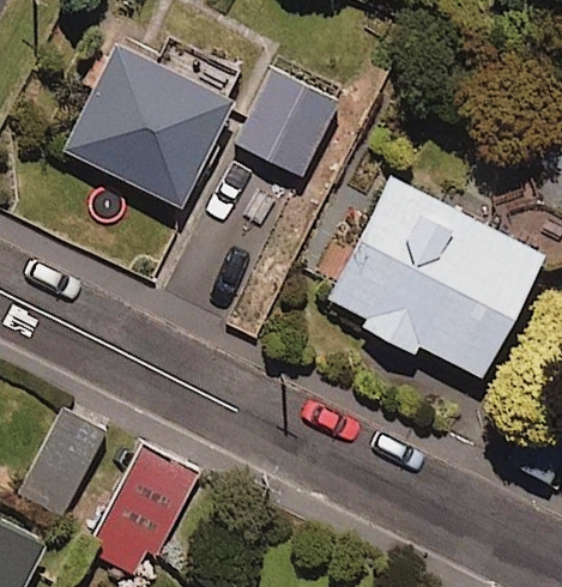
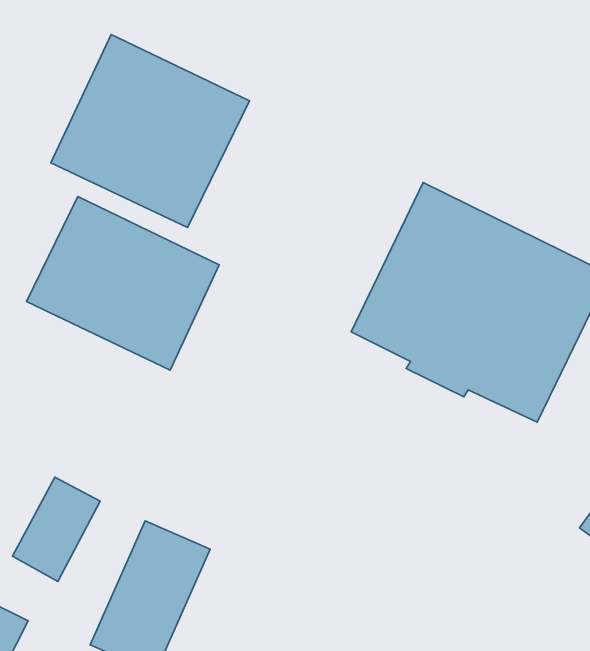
building: [237,69,337,176] -> none
building: none -> [27,196,219,370]

